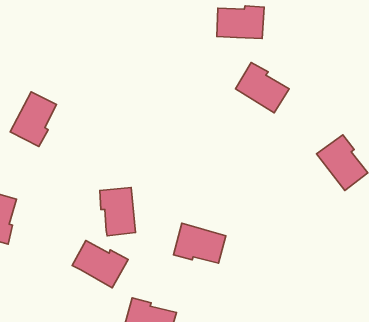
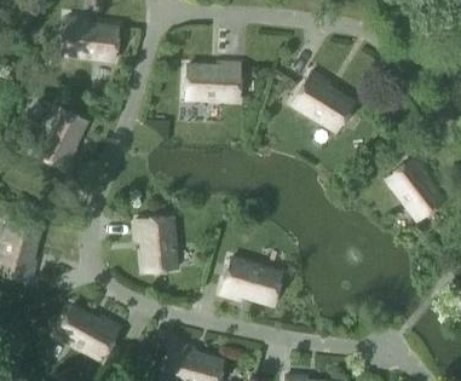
building: [217,6,264,39] -> [186,63,241,100]
building: none -> [63,17,119,60]
building: [72,240,128,288] -> [57,306,121,360]

